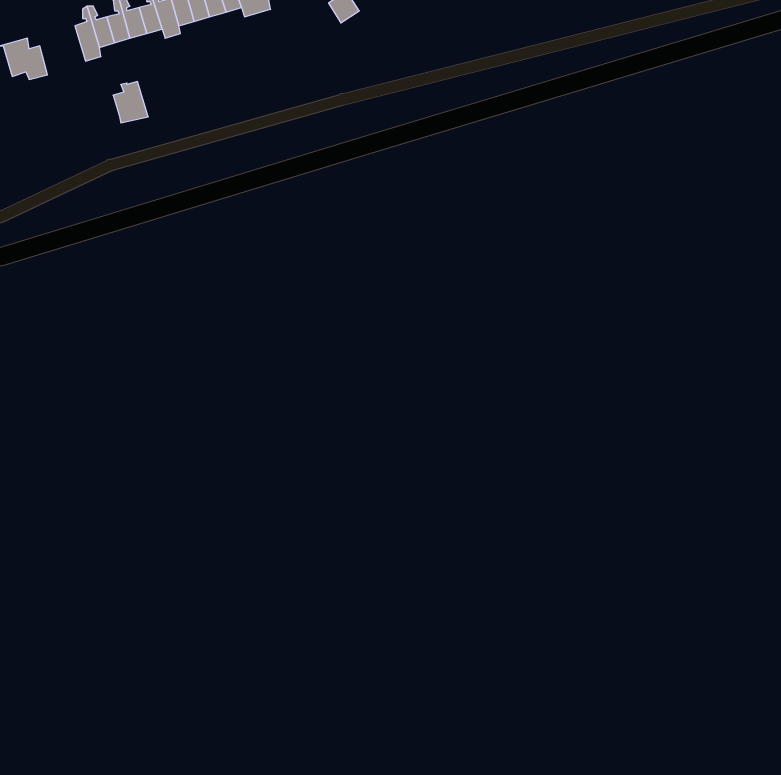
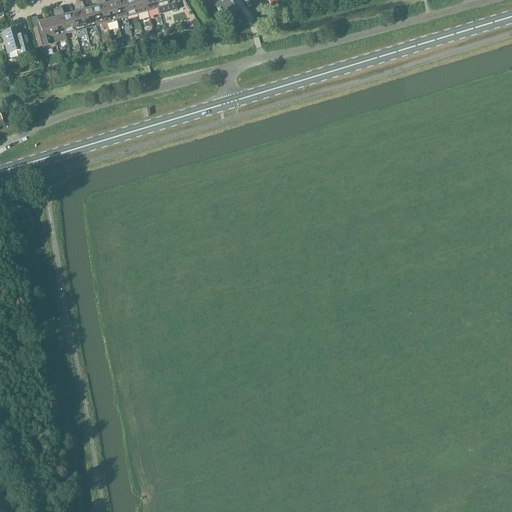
building: [113,82,148,123] -> [33,17,56,44]

